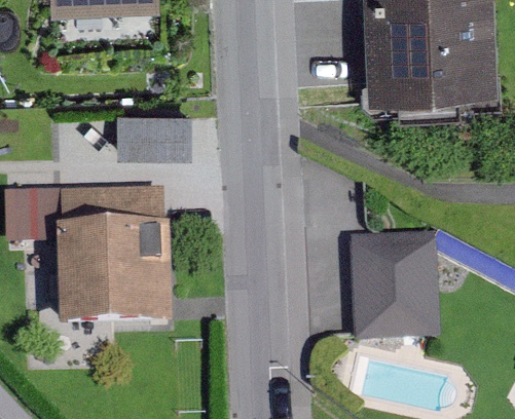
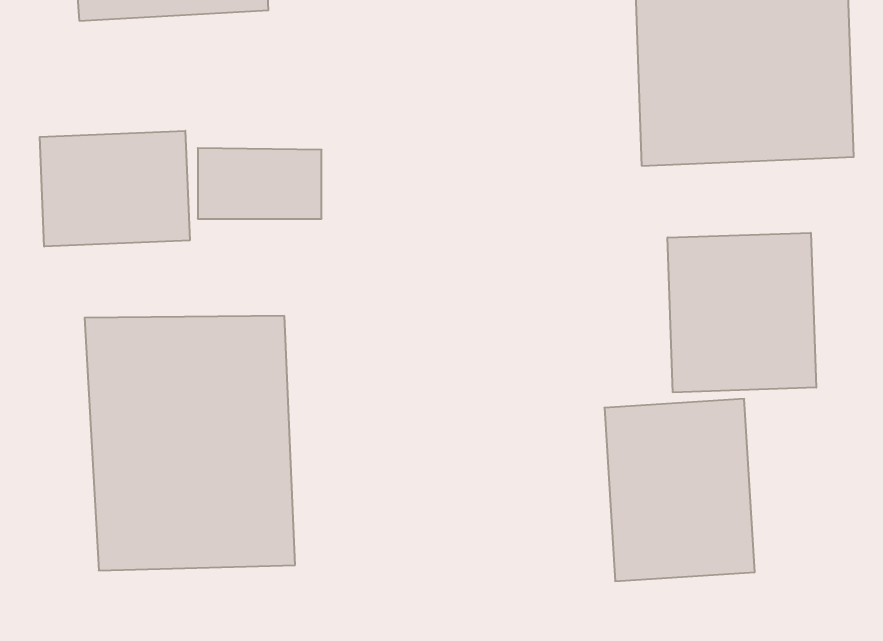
building: none -> [40,131,190,247]
building: none -> [668,233,816,392]

